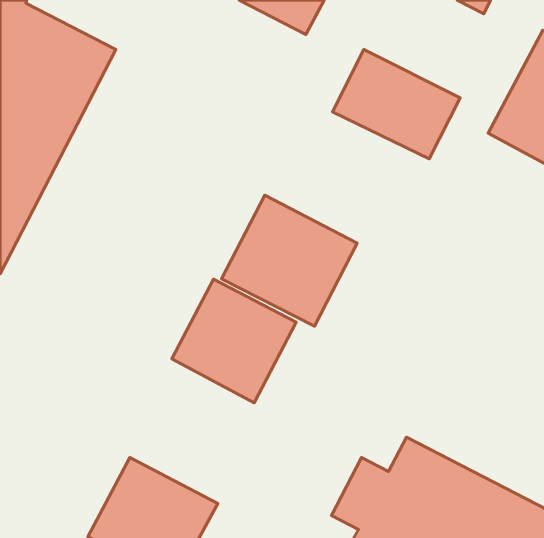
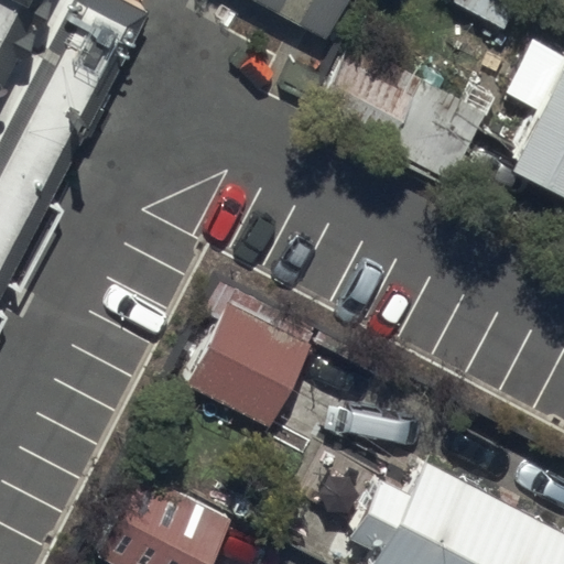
building: [221,195,357,326] -> none

